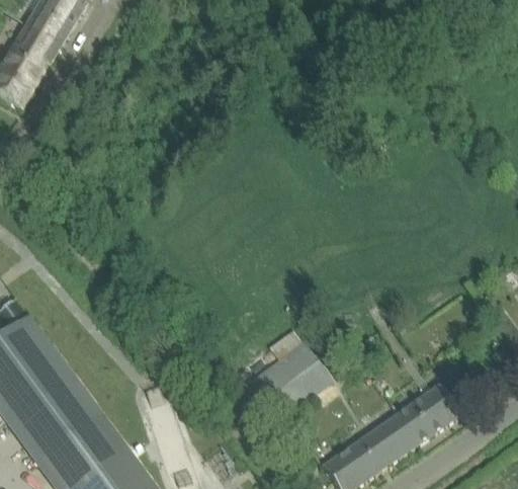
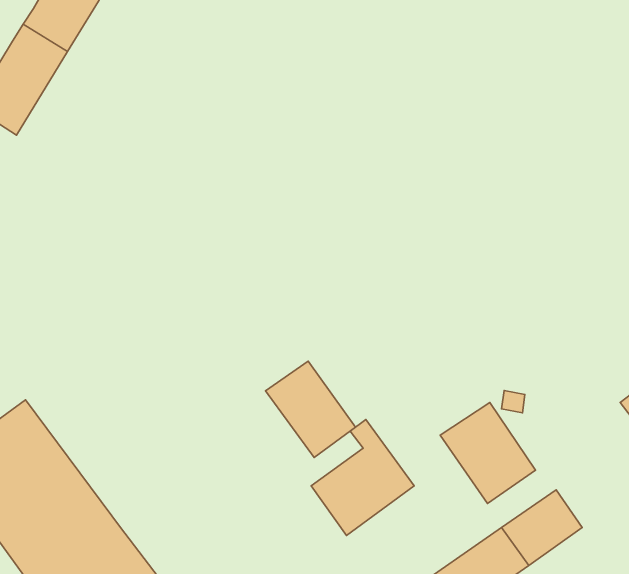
building: none -> [265,361,355,457]
building: none -> [440,402,535,503]

